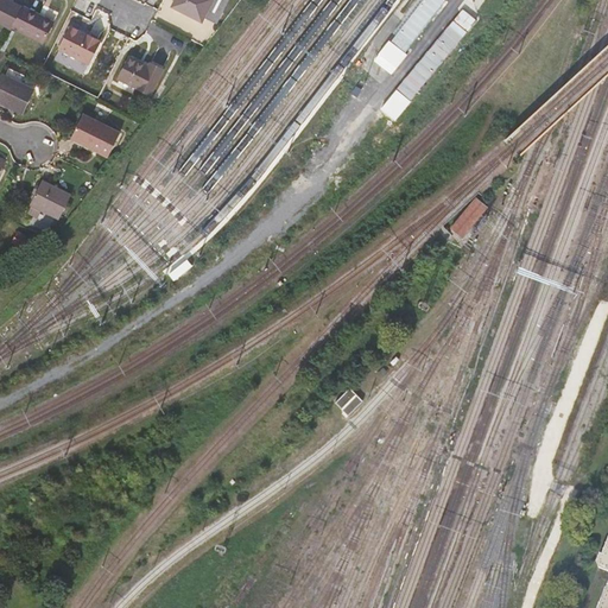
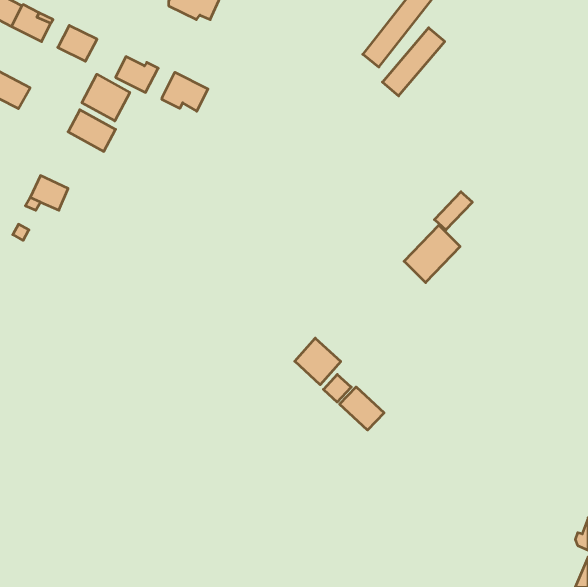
building: none -> [162,72,208,111]
building: none -> [82,74,130,121]
building: none -> [404,225,460,283]
building: none -> [295,338,341,385]
building: none -> [340,387,384,430]

